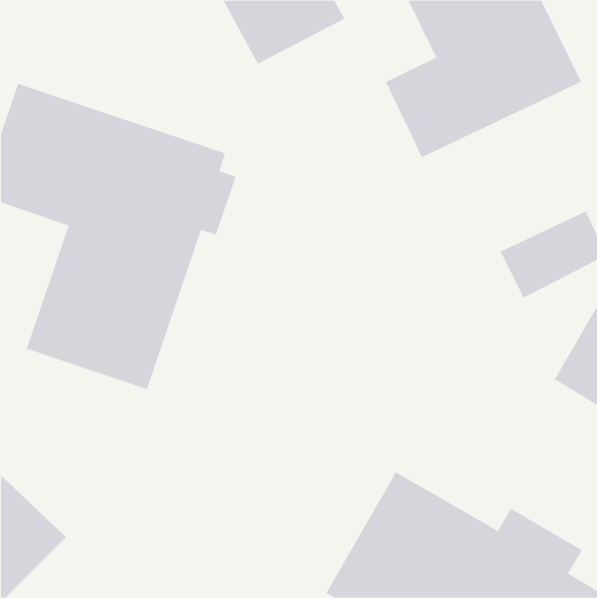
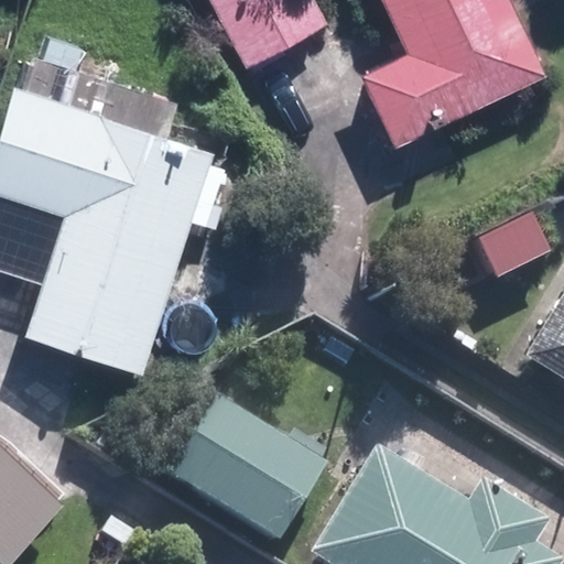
building: none -> [151,386,329,544]

